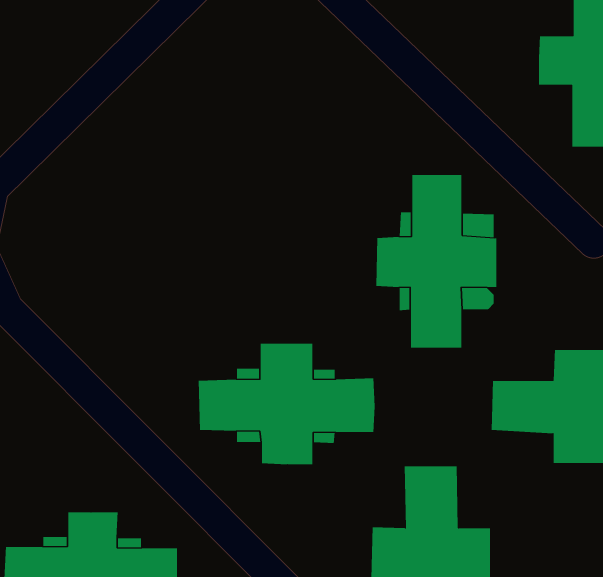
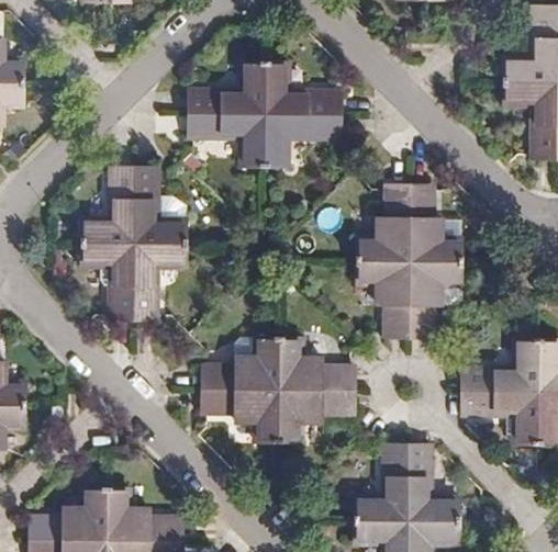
building: none -> [188,63,344,169]
building: none -> [79,167,189,322]

